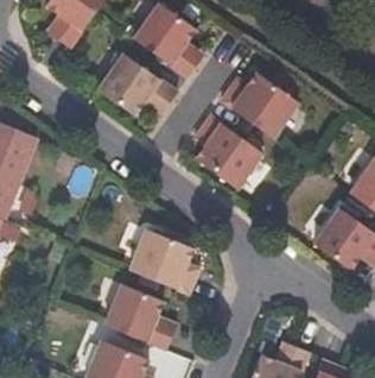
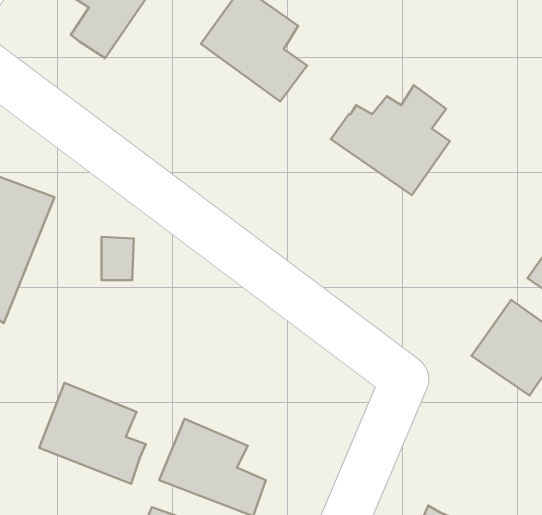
building: [98,52,178,114] -> none
building: [193,116,262,188] -> none
building: [131,229,201,296] -> [39,383,146,484]

